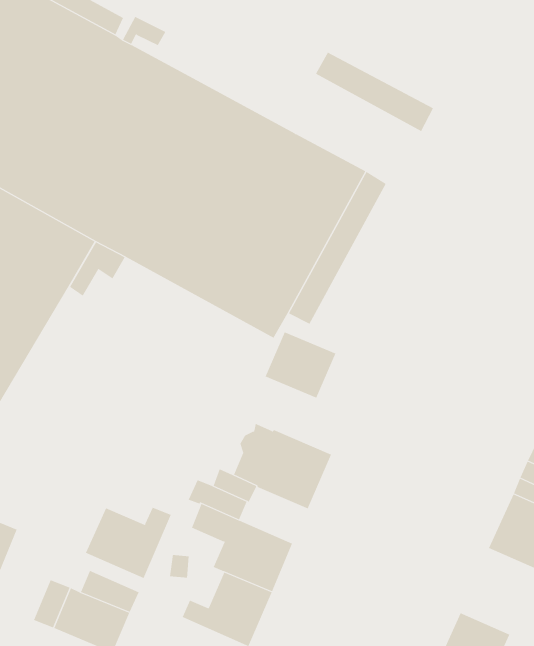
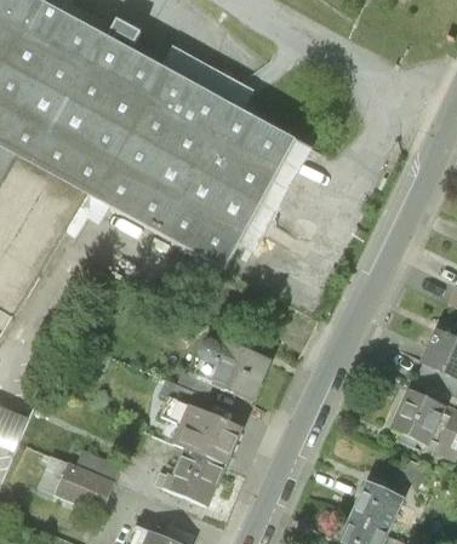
building: [315,52,434,132] -> [159,47,251,109]
building: [265,332,336,399] -> none
building: [85,507,171,579] -> none

